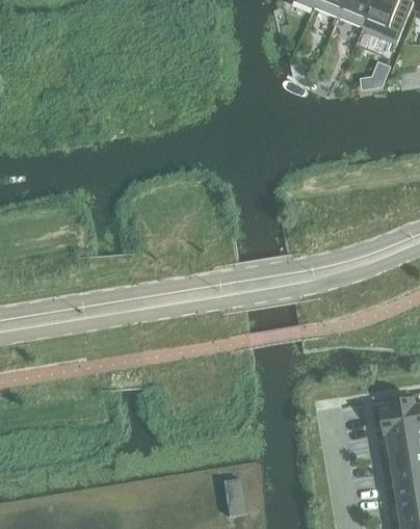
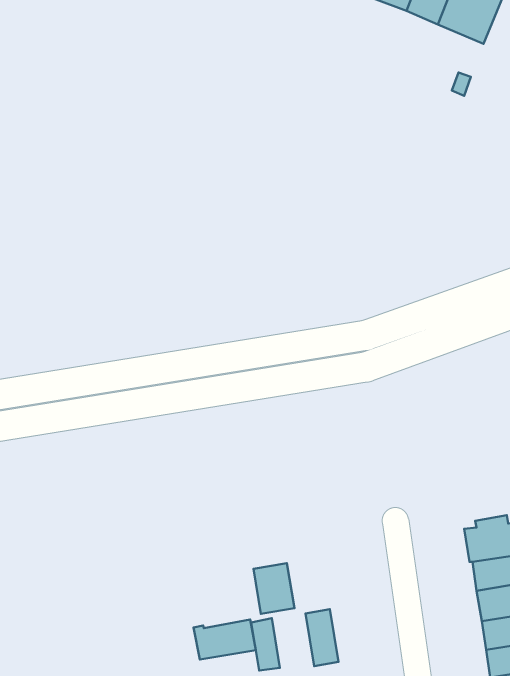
building: none -> [253,563,294,614]
building: none -> [306,609,338,666]
building: none -> [194,620,256,659]

